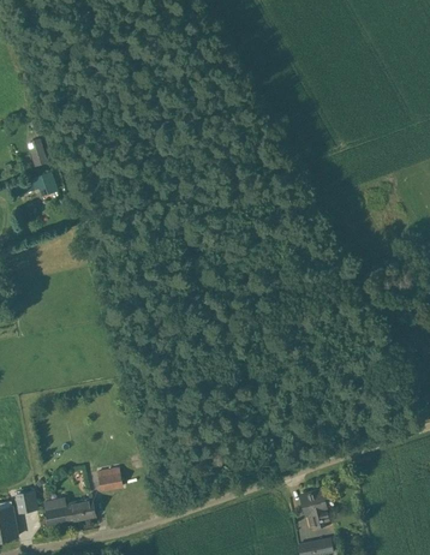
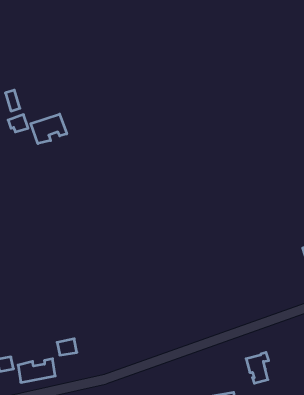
building: none -> [31,114,67,144]
building: [299,488,329,529] -> [246,352,269,383]

